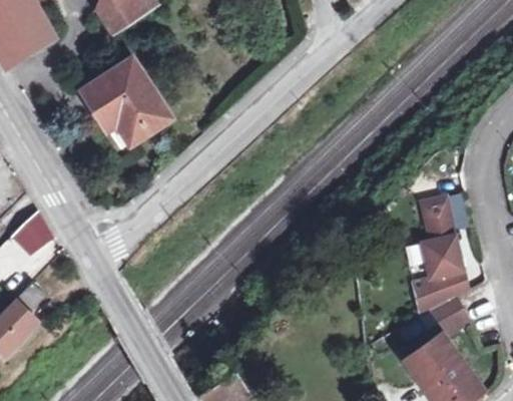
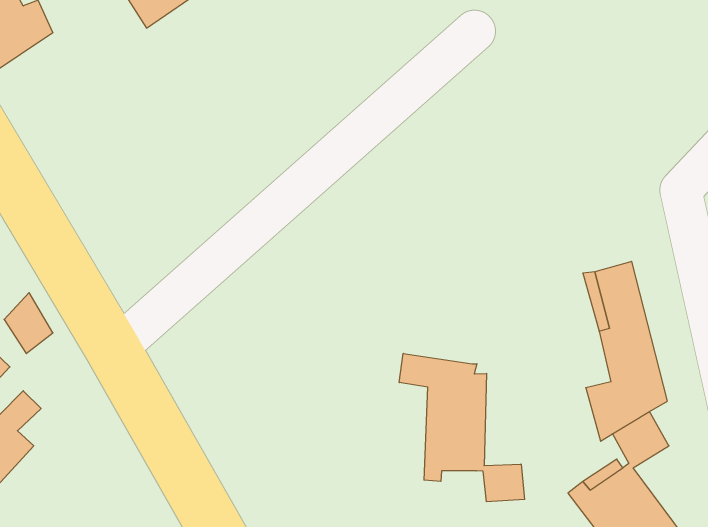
building: [87,60,173,149] -> none
building: none -> [399,353,525,502]

